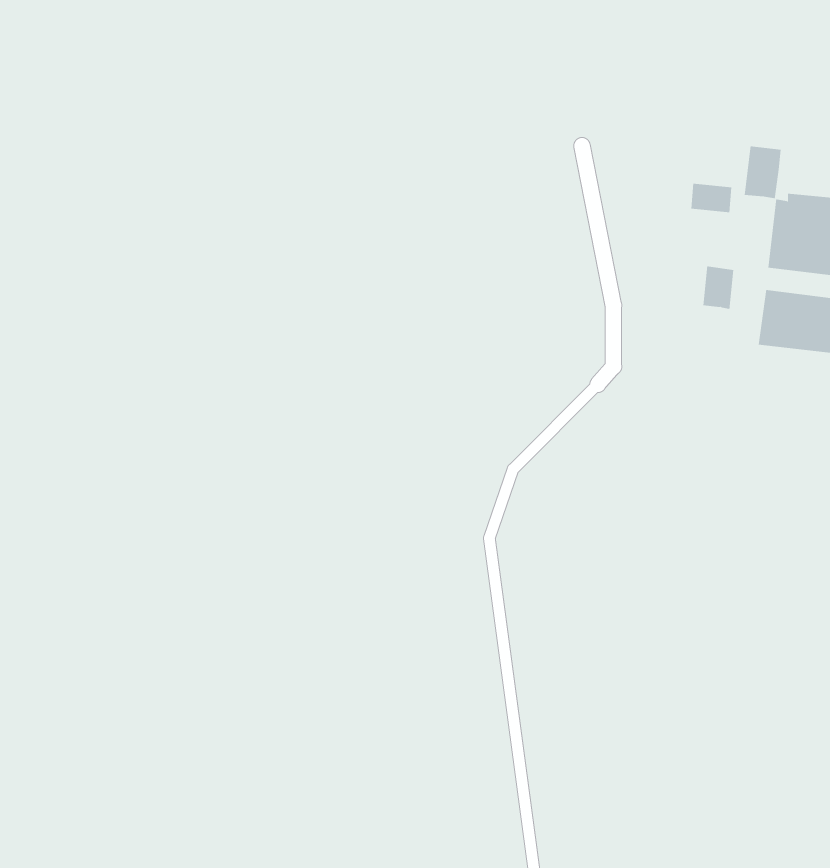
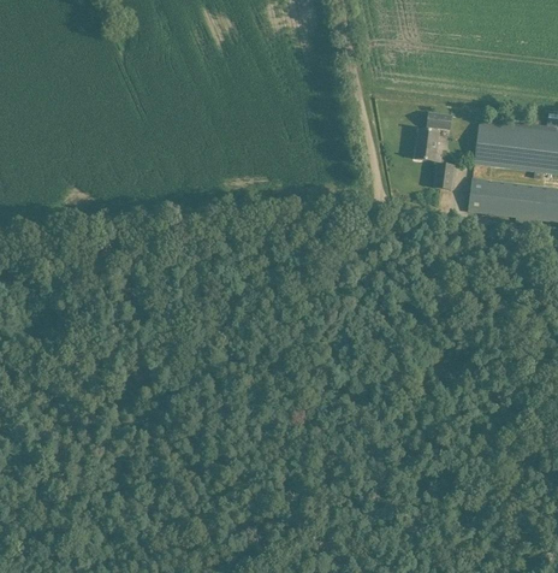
building: [744,146,781,199] -> [419,129,441,161]

